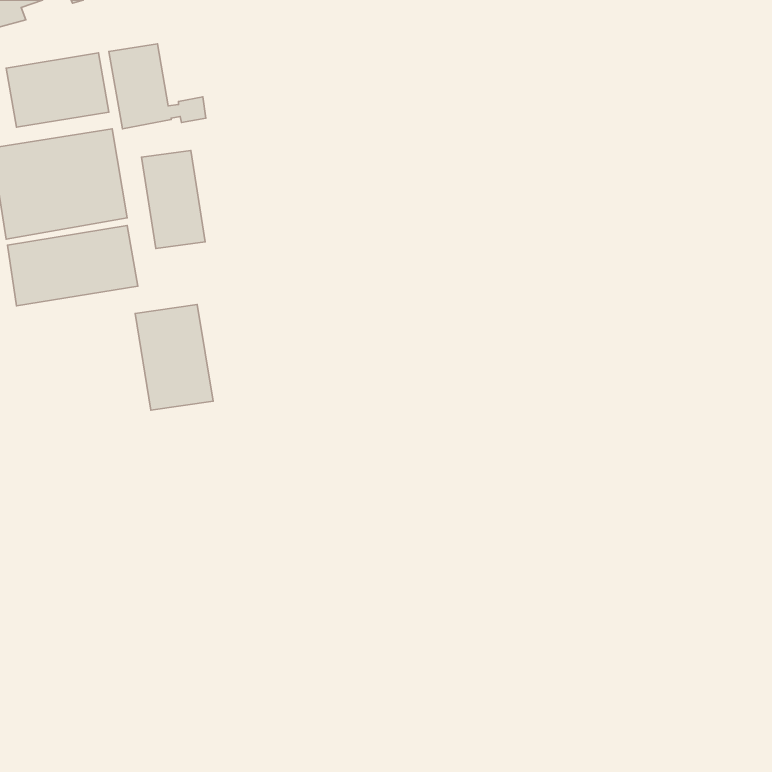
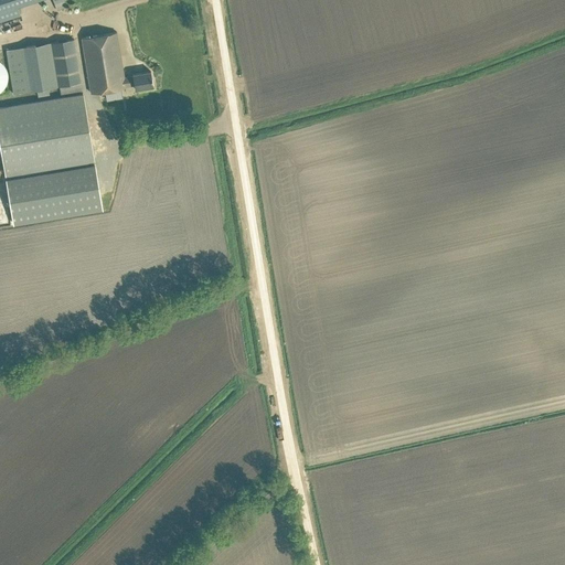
building: [141,150,205,249] -> none
building: [135,304,213,410] -> none

